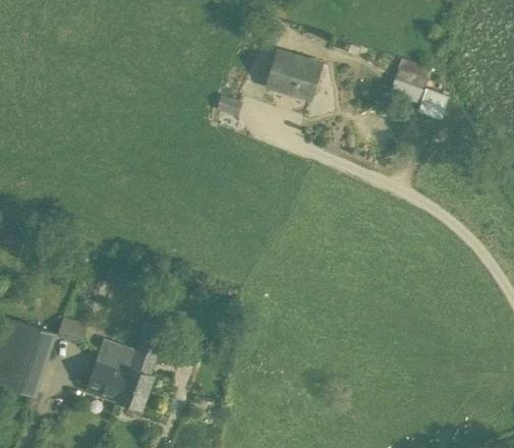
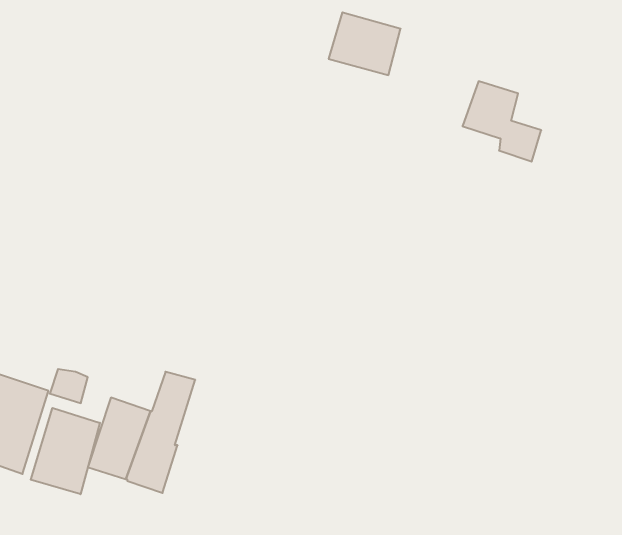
building: [388,59,447,119] -> [462,81,541,162]
building: none -> [31,408,100,494]

